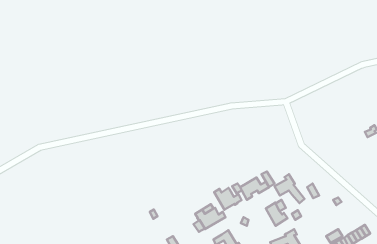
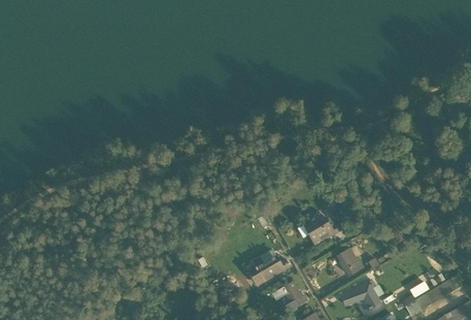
building: [274,174,305,203] -> none
building: [214,188,242,210] -> none

